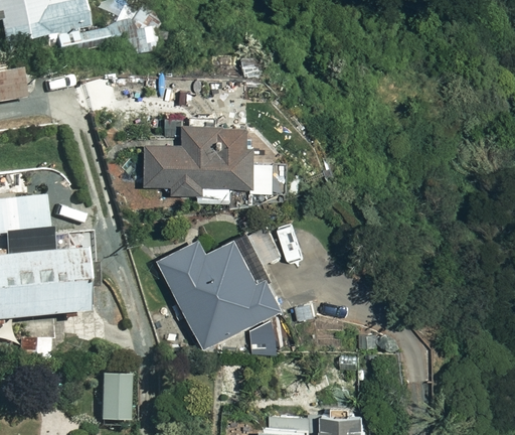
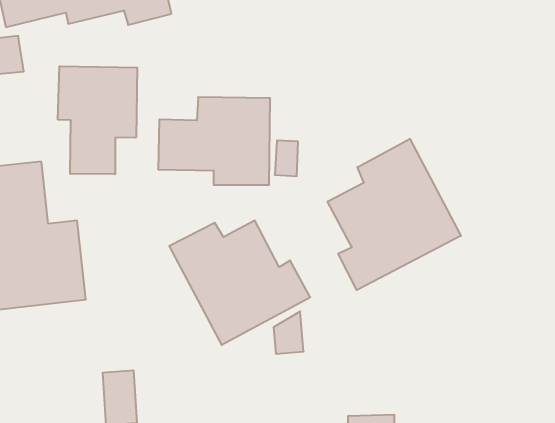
building: none -> [58,66,137,174]
building: none -> [328,139,461,290]

